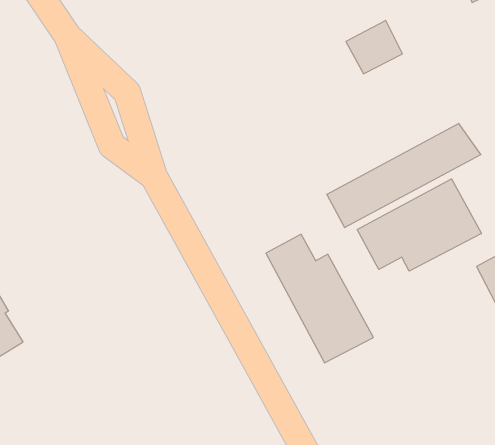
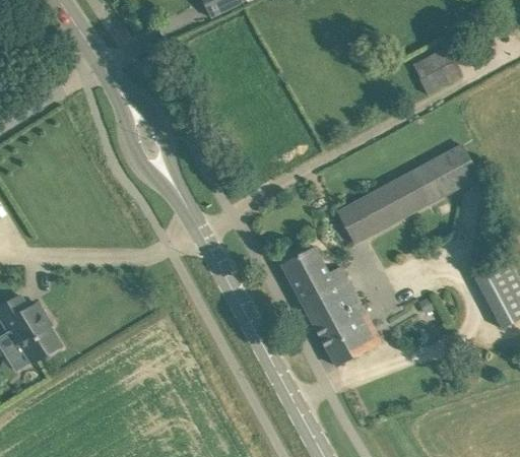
building: [346,20,402,74] -> [412,43,464,91]
building: [357,179,481,271] -> none

